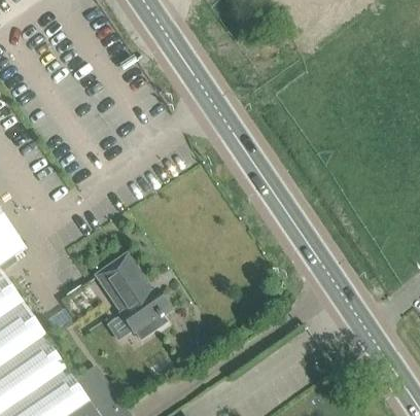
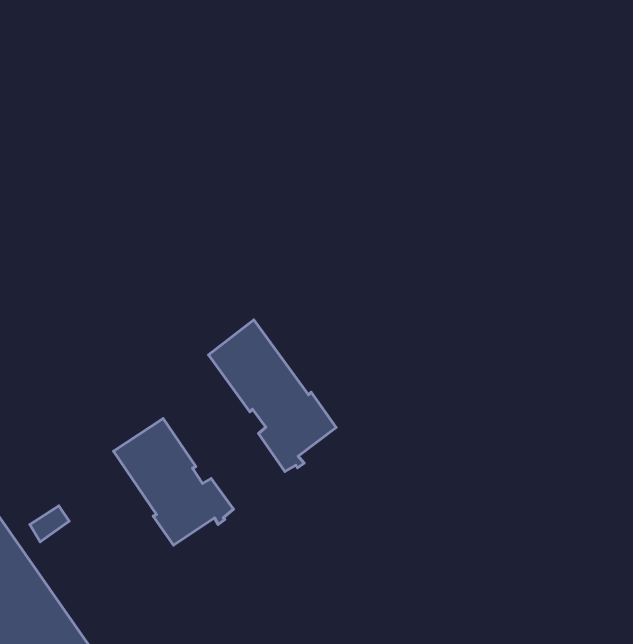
building: none -> [208,320,336,471]

